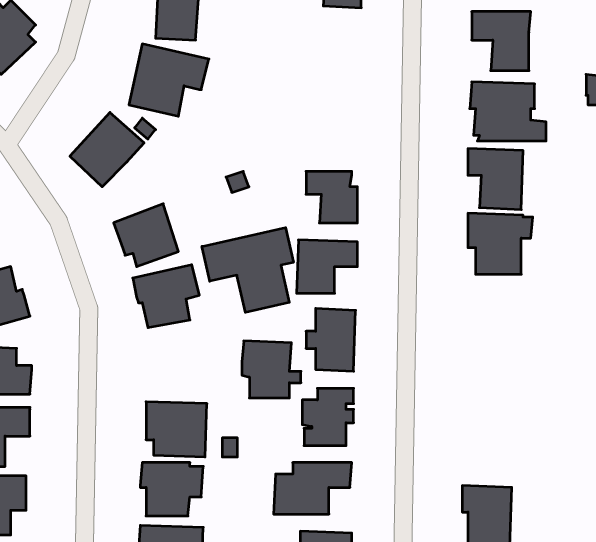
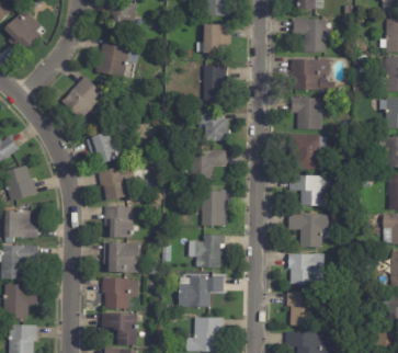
building: none -> [196,24,226,54]
building: none -> [203,65,227,100]
building: [202,228,293,312] -> none
building: none -> [288,174,331,206]
building: [242,341,301,398] -> [104,205,138,238]
building: none -> [287,213,330,247]
building: none -> [287,253,323,285]

